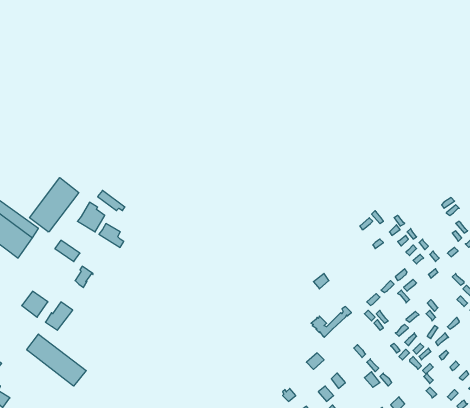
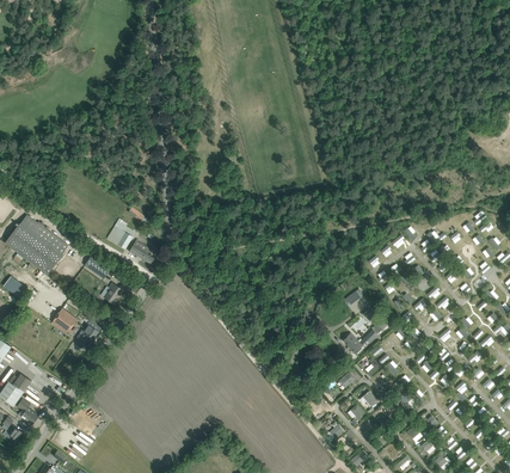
building: [30,178,79,232] -> none
building: [27,334,86,386] -> none

